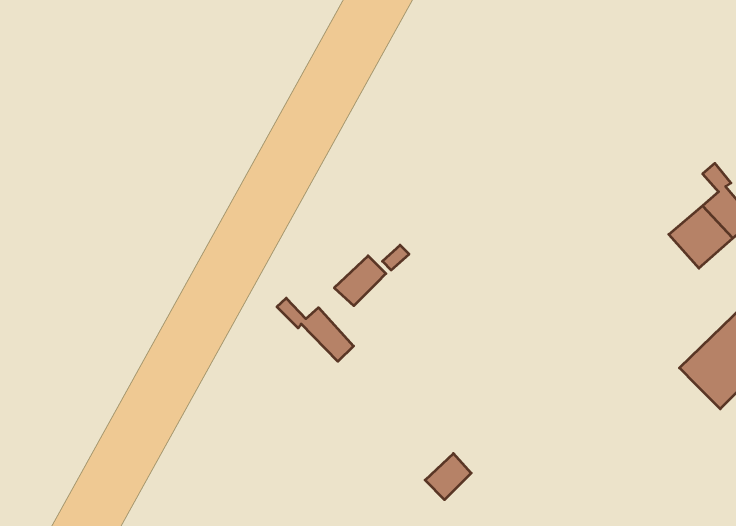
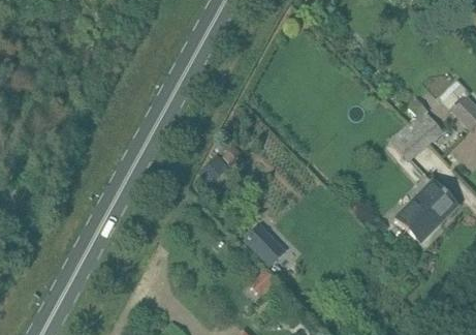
building: [277,298,354,361] -> none
building: none -> [243,222,285,265]

